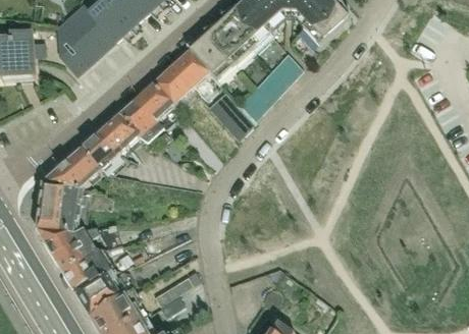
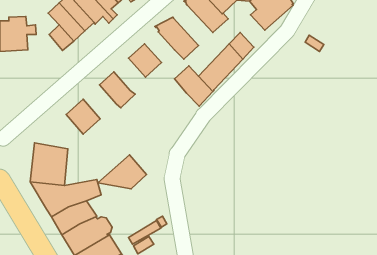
building: [203,18,255,67] -> none
building: [173,51,209,88] -> none
building: [137,82,174,121] -> none
building: [100,114,140,155] -> none
building: [42,150,100,190] -> [98,155,146,189]

